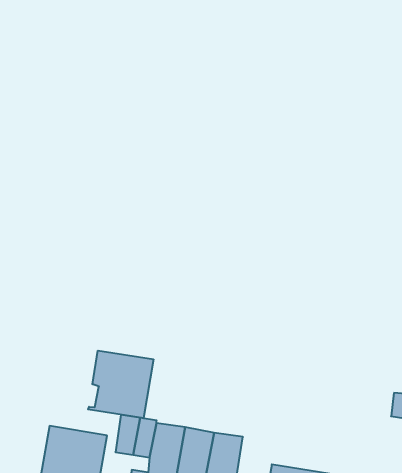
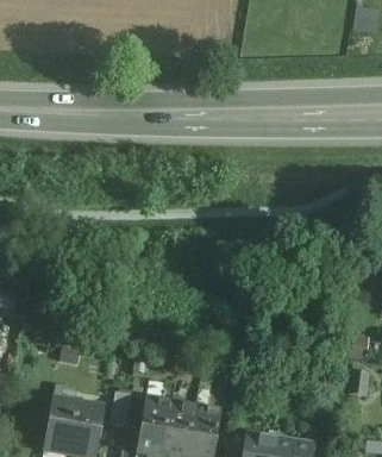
building: [88,351,153,418] -> none

